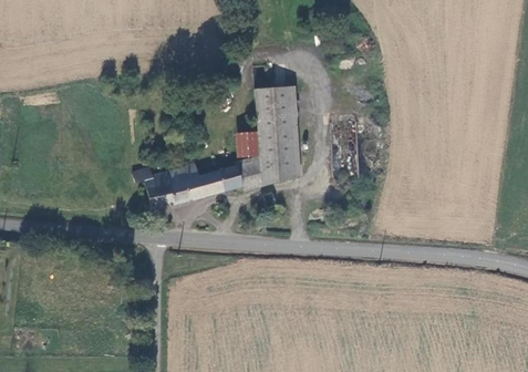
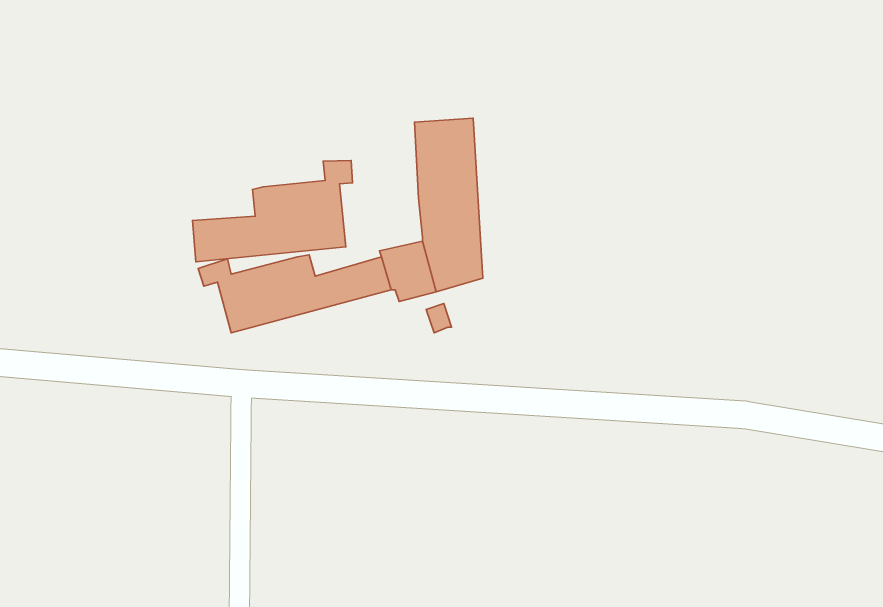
building: none -> [192,161,352,262]
building: [239,132,263,156] -> none

